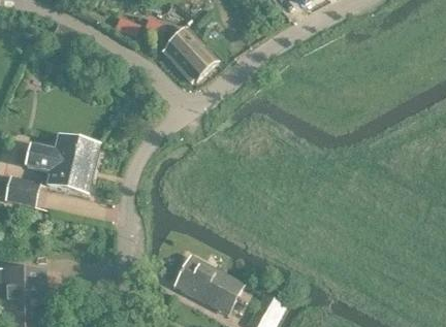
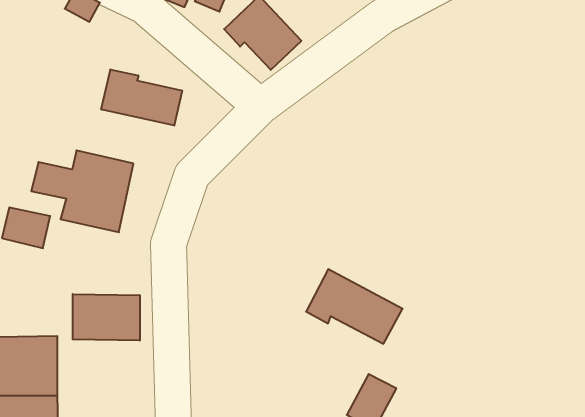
building: none -> [101,69,182,126]
building: none -> [73,294,140,341]
building: [176,255,244,307] -> [306,269,403,344]

